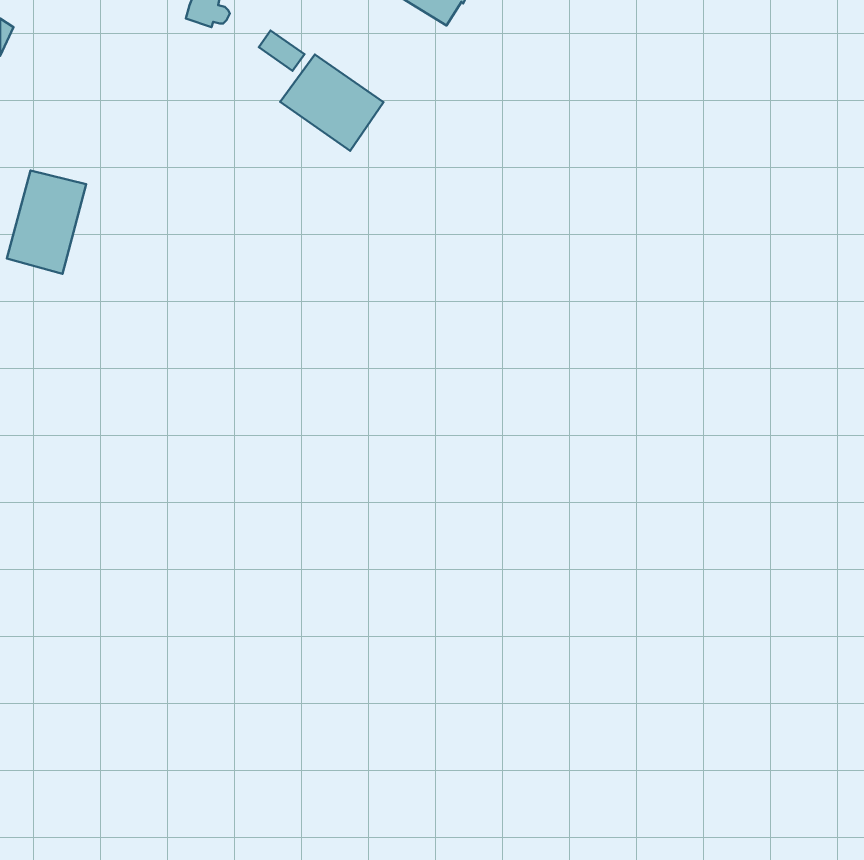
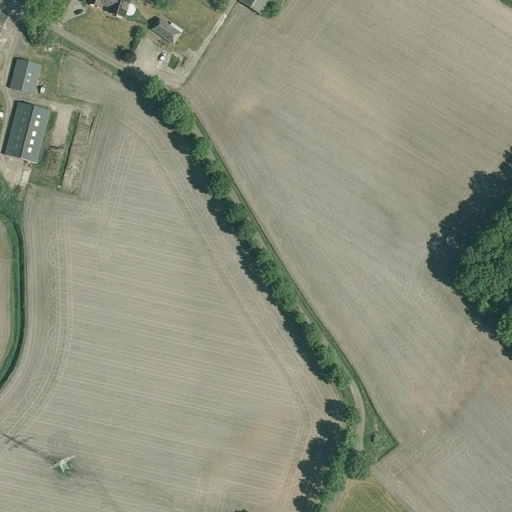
building: [280,54,384,151] -> none
building: none -> [10,57,41,93]

